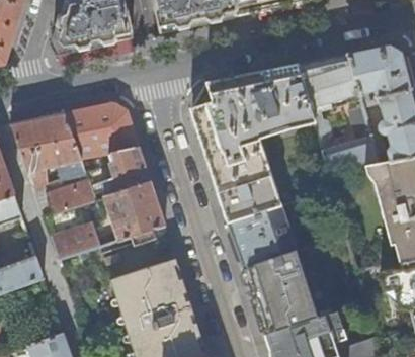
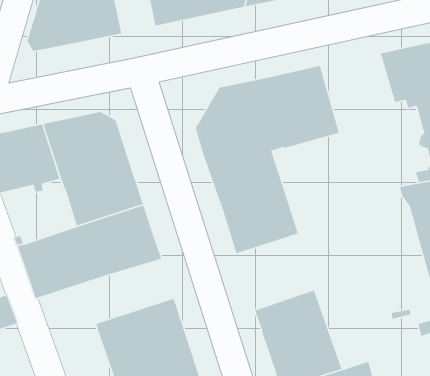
building: [299,55,381,173] -> none
building: [47,173,94,213] -> none
building: [228,205,295,269] -> none

